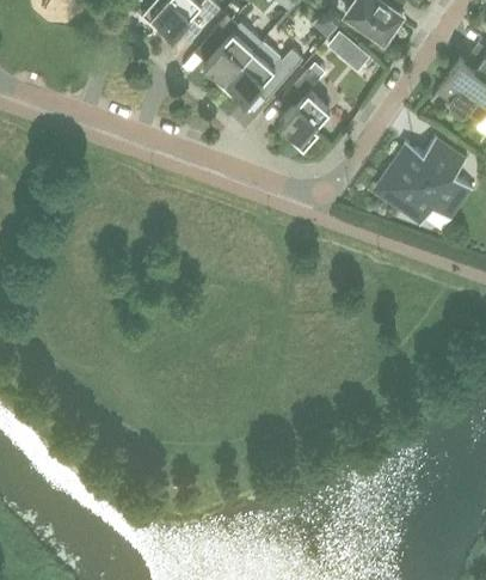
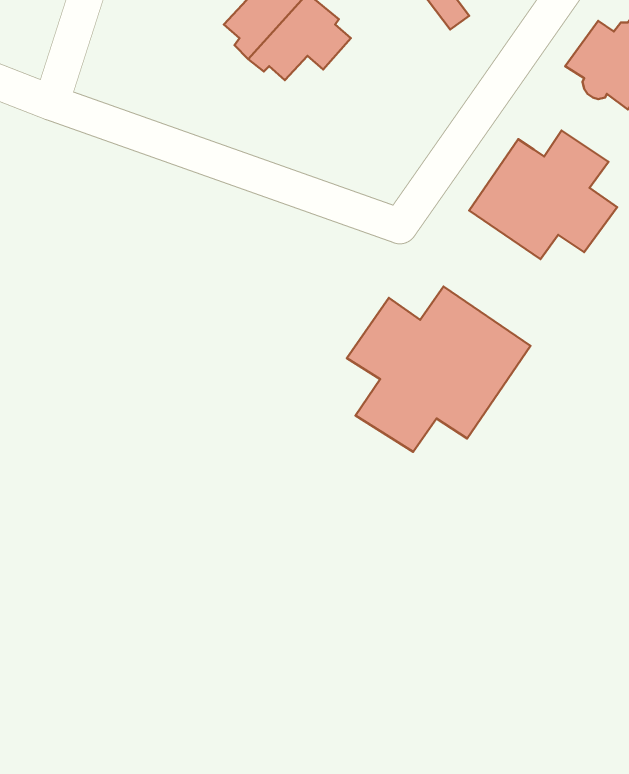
building: [278,68,330,153] -> none
building: none -> [347,286,530,452]

